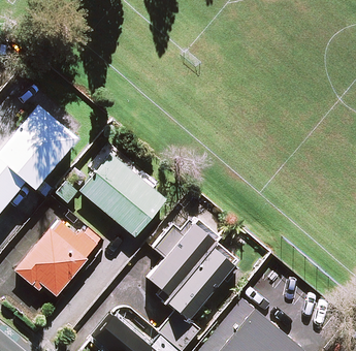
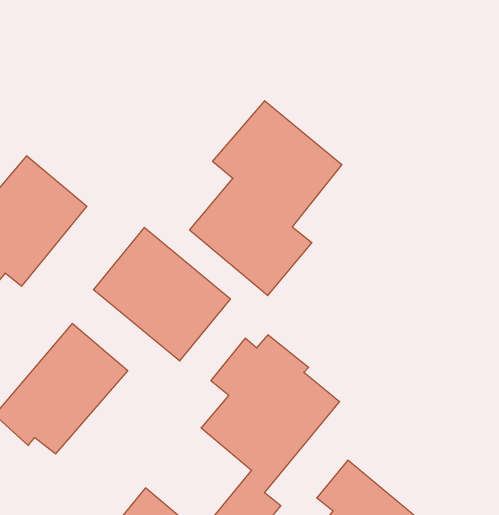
building: none -> [190,101,342,296]

